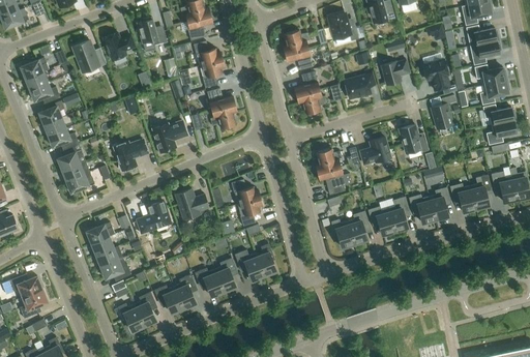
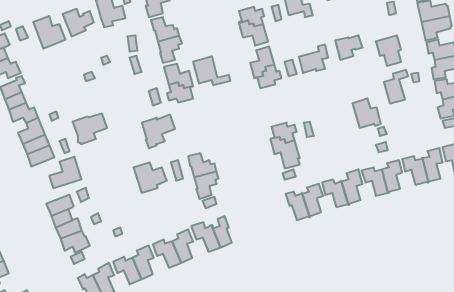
building: none -> [193,56,230,85]
building: [152,121,186,155] -> [142,115,175,148]
building: [359,137,390,163] -> none
building: [137,201,170,233] -> [49,157,82,188]

